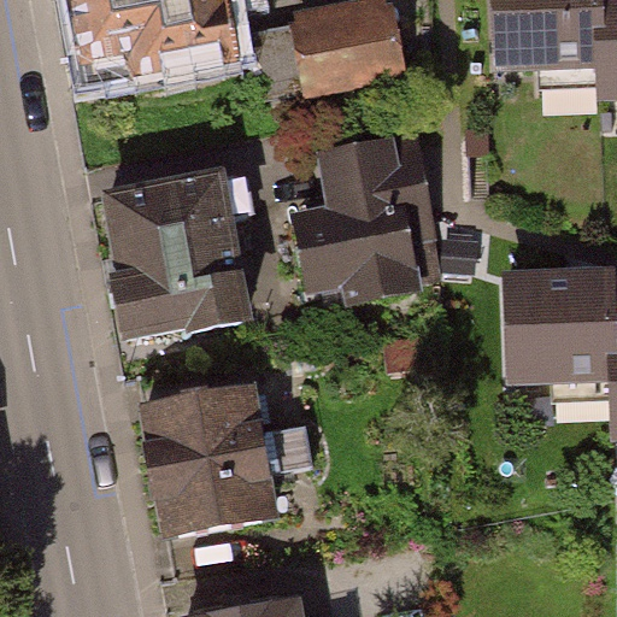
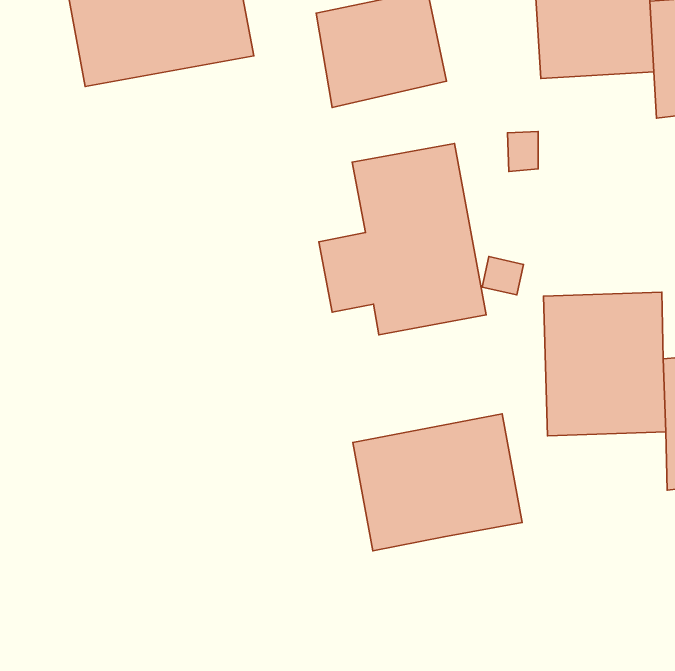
building: [96,165,249,346] -> none
building: none -> [353,414,522,551]
building: [146,384,318,536] -> none

